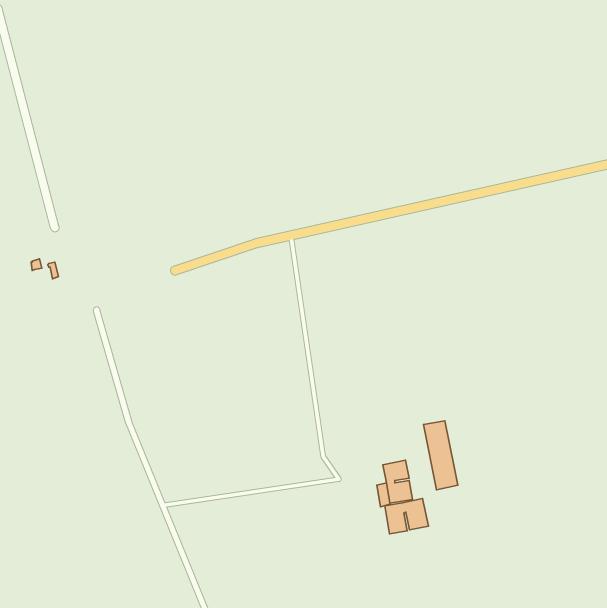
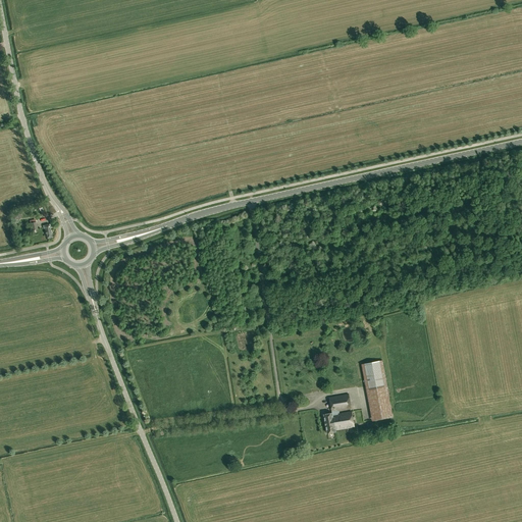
building: [385,499,428,534] -> none

